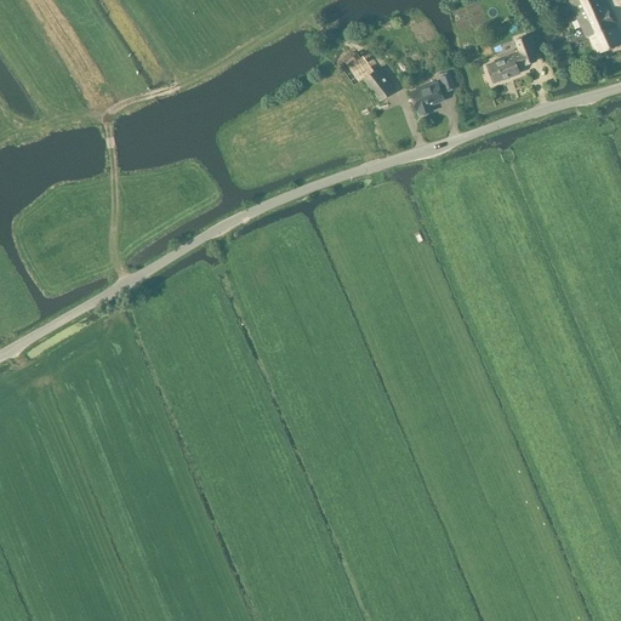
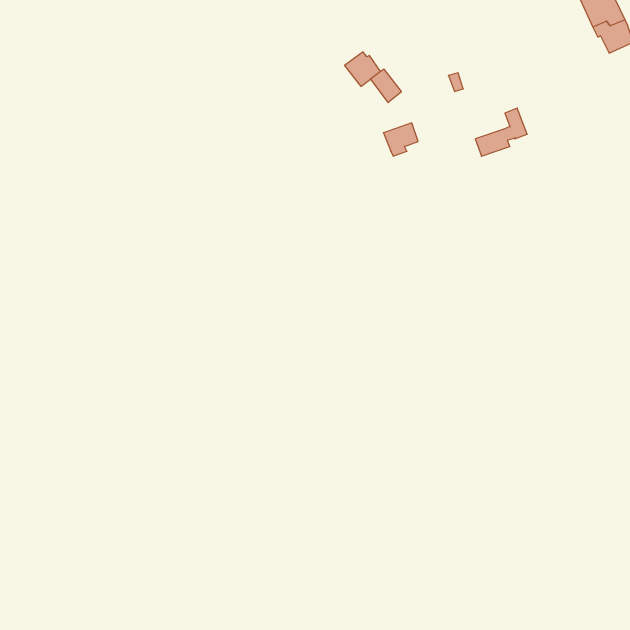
building: [488,34,539,81] -> [475,108,527,156]
building: [411,81,445,114] -> [383,123,418,156]

